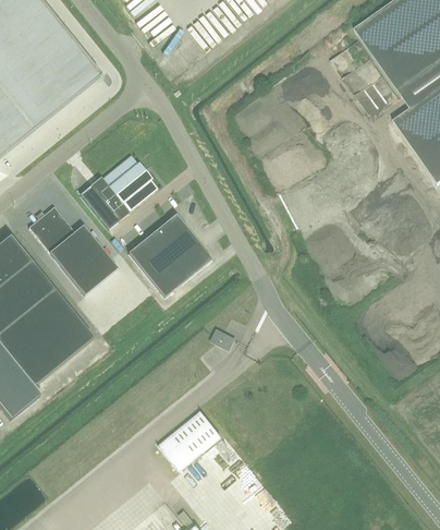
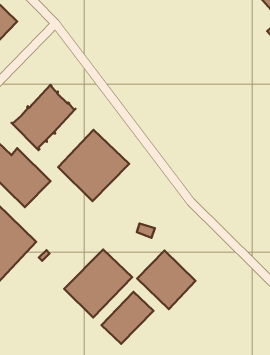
building: none -> [64,250,132,318]
building: none -> [137,250,195,309]

